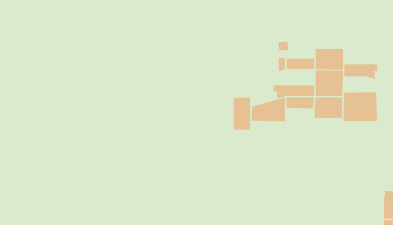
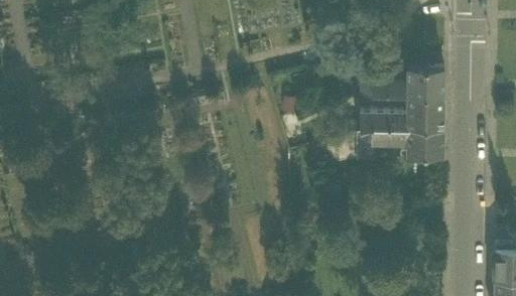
building: [344,64,378,80] -> none
building: [343,91,377,122] -> none
building: [233,97,250,130] -> none

